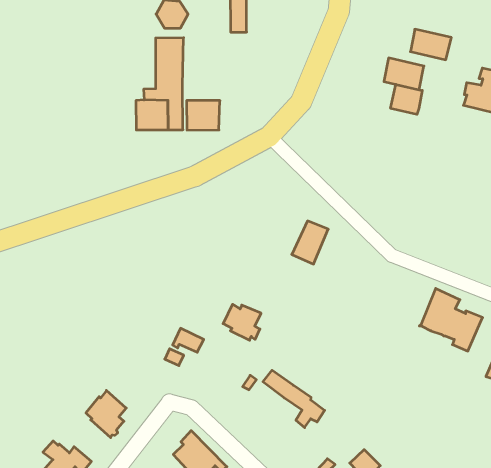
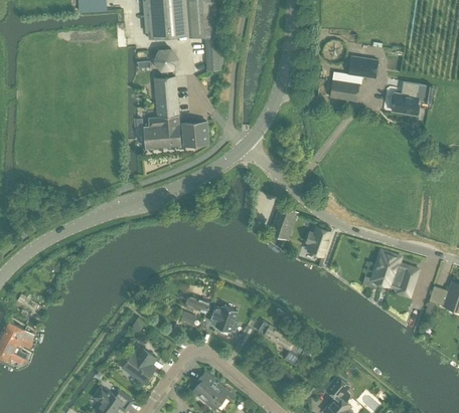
building: [391,84,422,114] -> none
building: none -> [306,226,330,255]
building: [223,304,261,340] -> [208,305,237,332]

